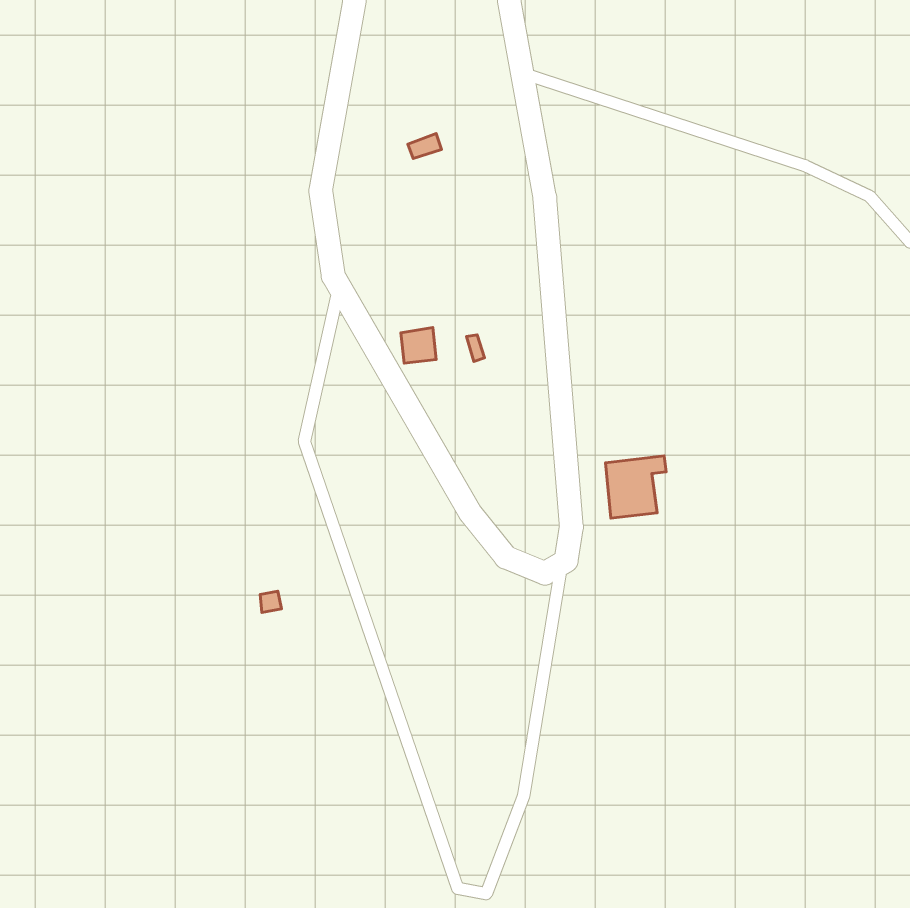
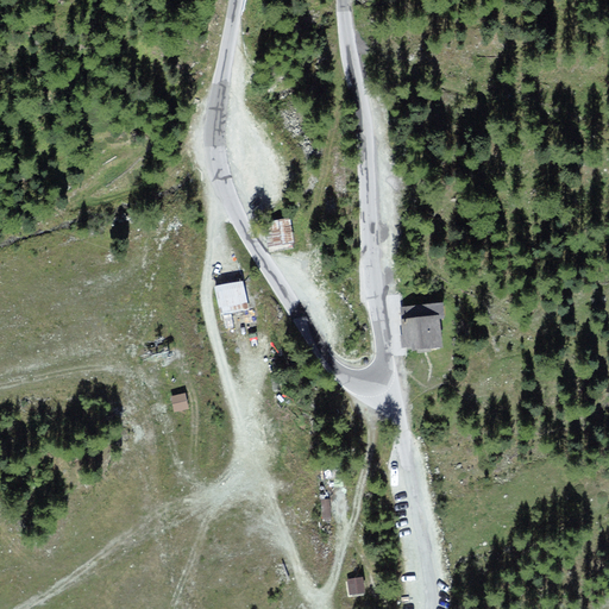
building: none -> [216,283,247,313]

